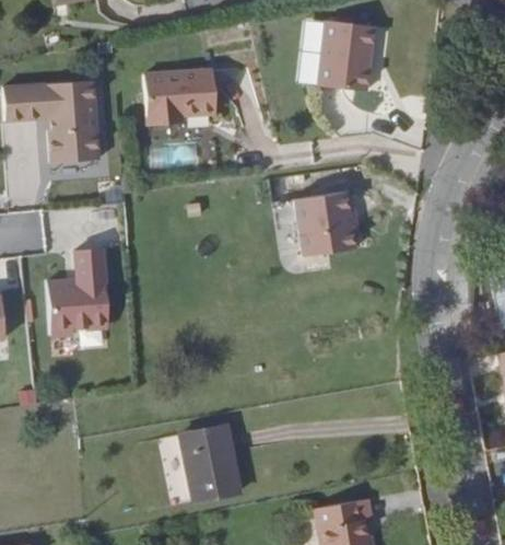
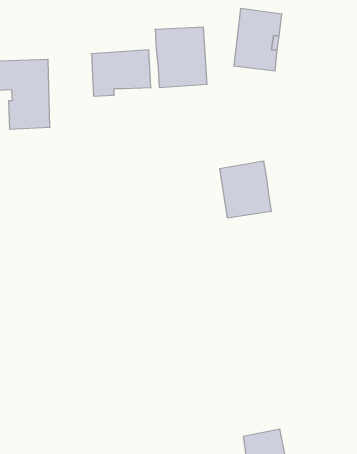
building: none -> [156,27,207,88]
building: [46,245,106,334] -> none
building: [186,433,240,506] -> none

